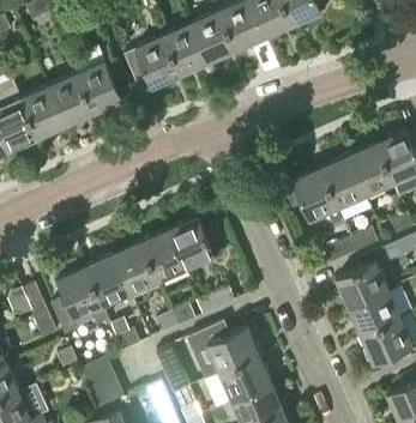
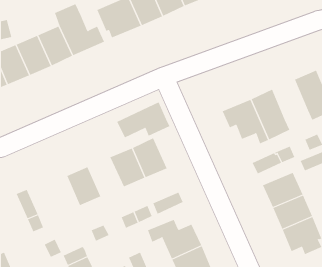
building: [349,143,393,194] -> none
building: none -> [117,102,170,138]
building: [113,242,158,292] -> none
building: [50,266,108,334] -> none

